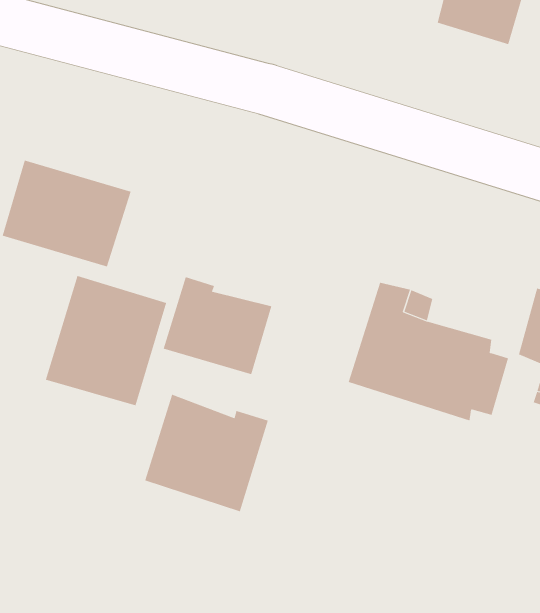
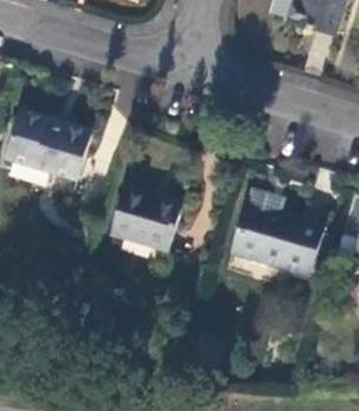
building: [45,275,167,406] -> none
building: [144,394,269,512] -> none

